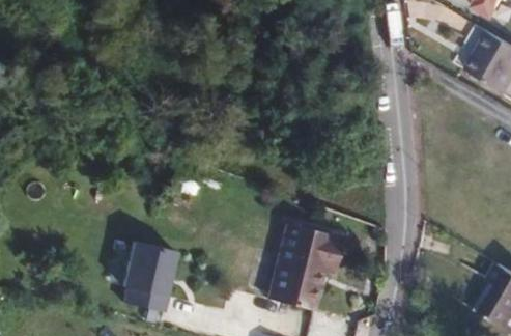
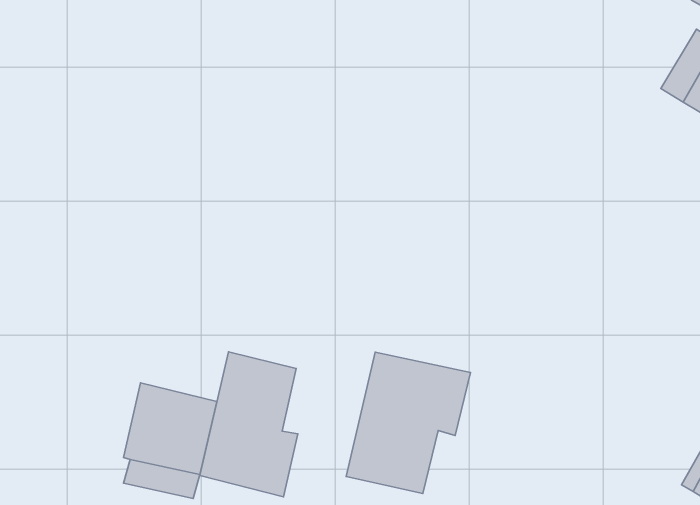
building: none -> [200,352,298,497]

